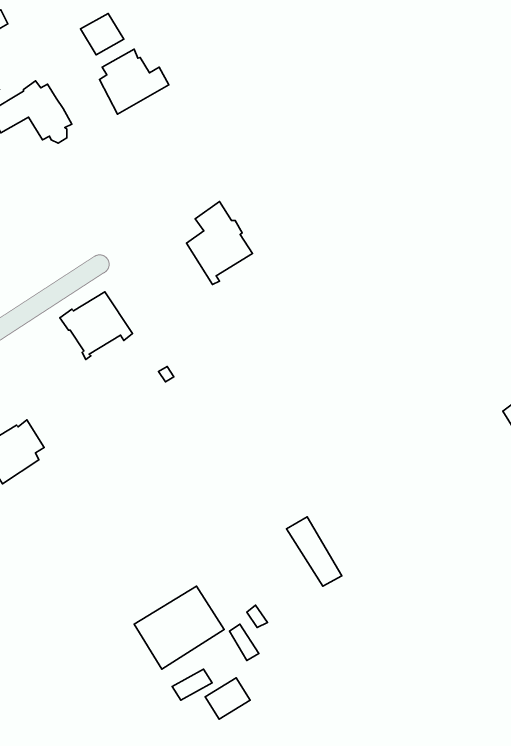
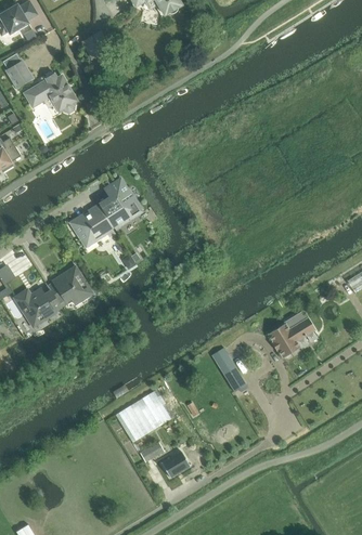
building: [100,49,169,114] -> none
building: [187,202,252,285] -> [99,179,140,231]
building: none -> [48,268,91,304]
building: none -> [268,318,313,356]

